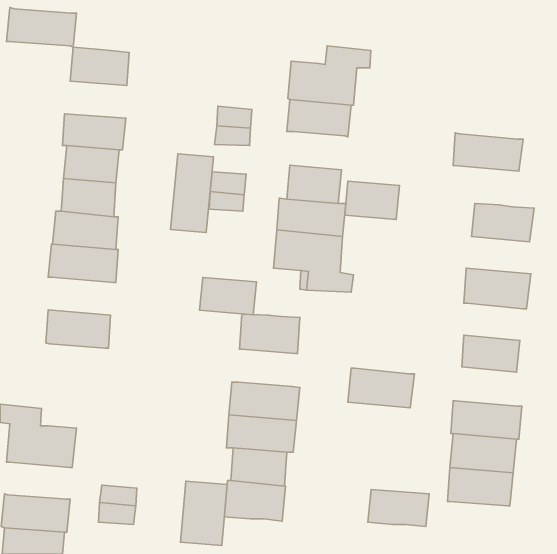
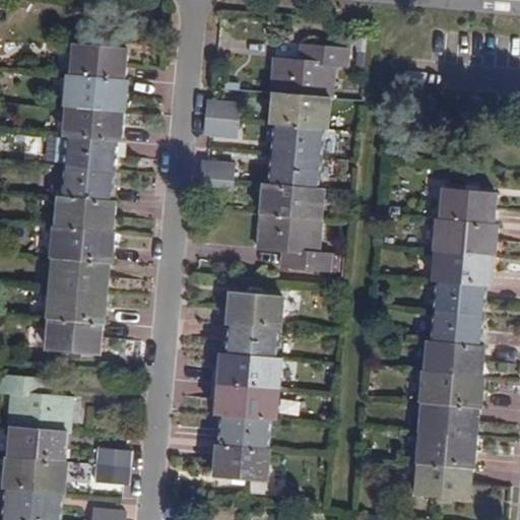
building: [7,8,77,47] -> [60,74,125,111]
building: [453,133,523,171] -> [434,218,499,254]
building: [170,154,213,233] -> none
building: [345,181,399,219] -> [271,122,322,157]
building: none -> [47,257,108,292]
building: [199,277,256,315] -> [223,324,276,359]
building: none -> [433,281,488,316]
building: none -> [45,319,100,353]
building: [348,368,415,408] -> [425,340,486,377]
building: none -> [9,429,67,463]
building: [180,481,227,546] -> none
building: [368,489,429,527] -> [416,465,473,500]

